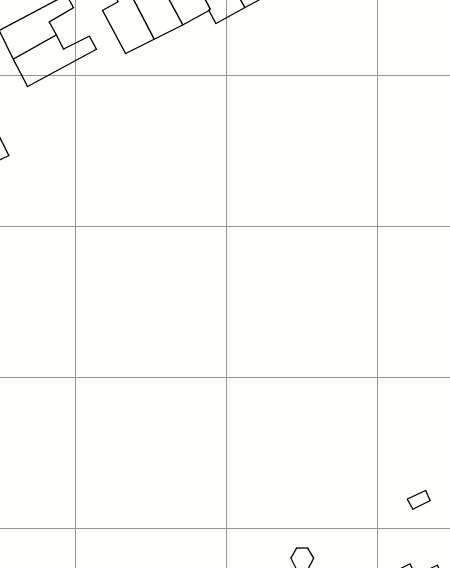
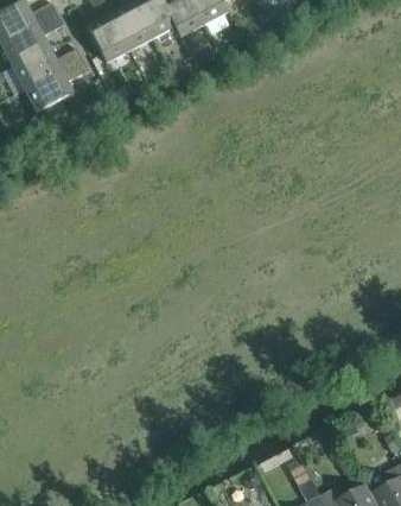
building: none -> [25,58,88,126]

